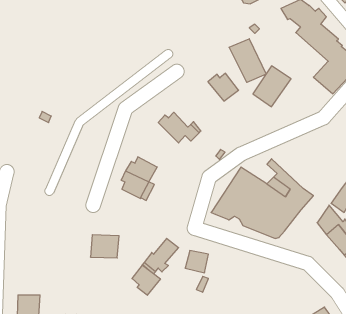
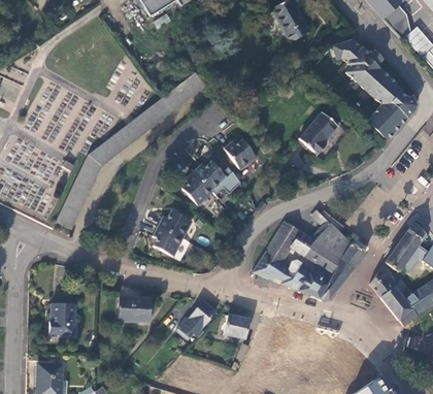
building: [229,39,266,82] -> none
building: none -> [47,79,198,237]
building: [208,73,239,101] -> [223,139,257,170]
building: none -> [181,172,213,206]
building: none -> [49,303,75,334]
building: [132,265,160,295] -> none

